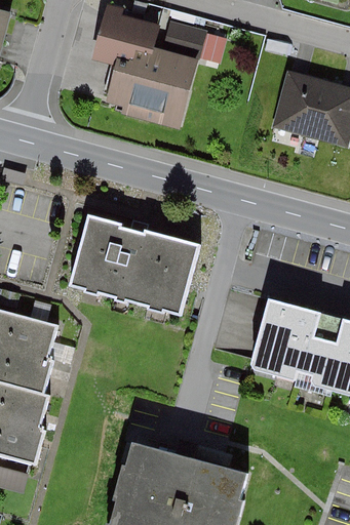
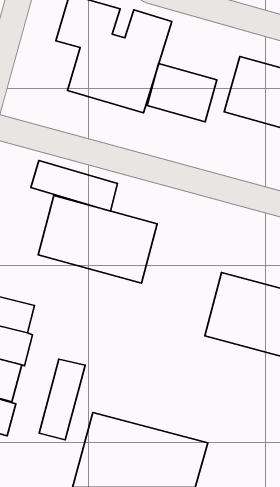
building: none -> [147,64,217,122]
building: none -> [31,160,117,211]
building: none -> [39,359,85,440]

